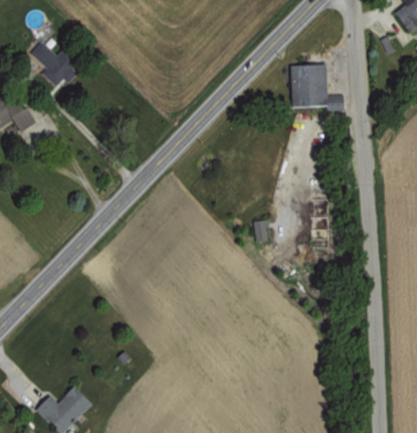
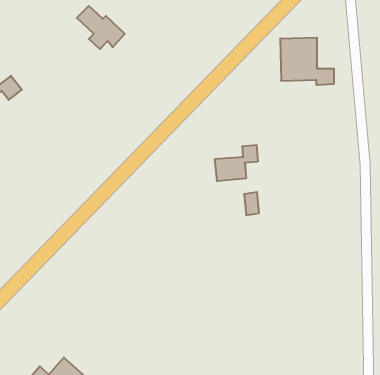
building: [31,42,79,86] -> [77,6,125,49]
building: none -> [215,145,258,181]

